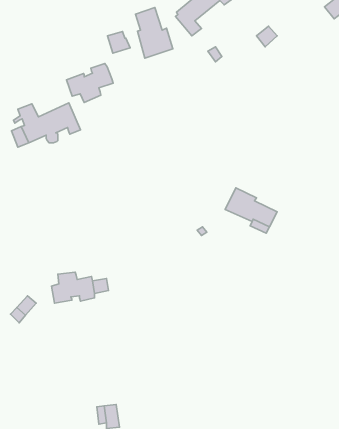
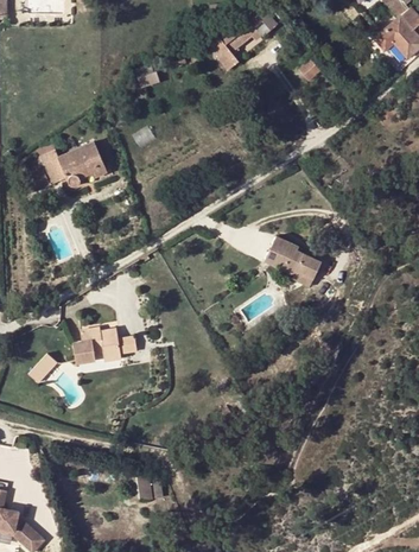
building: [135,8,173,58] -> none
building: [66,63,113,103] -> none

